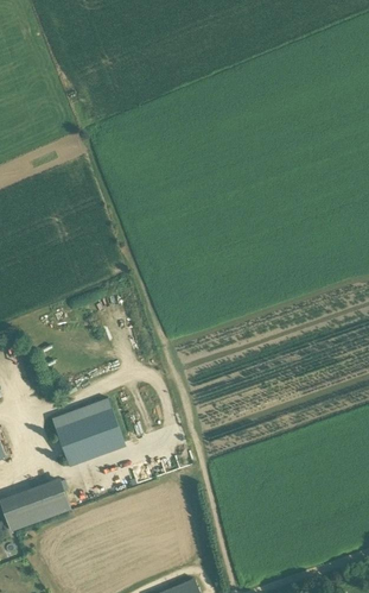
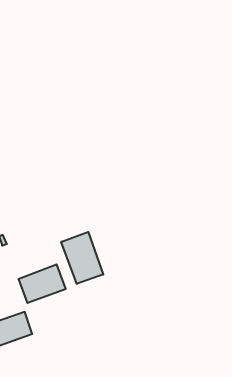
building: none -> [61,232,103,284]

